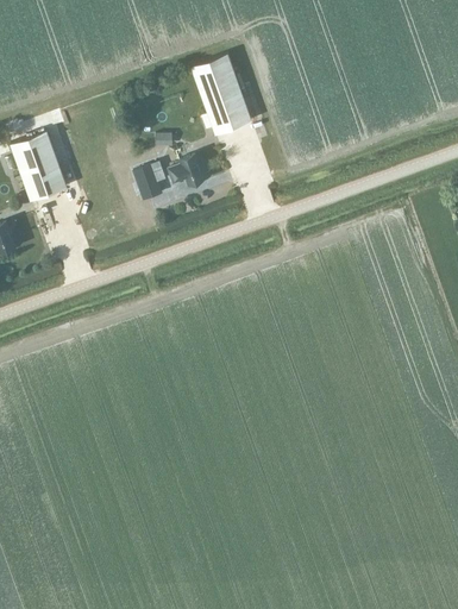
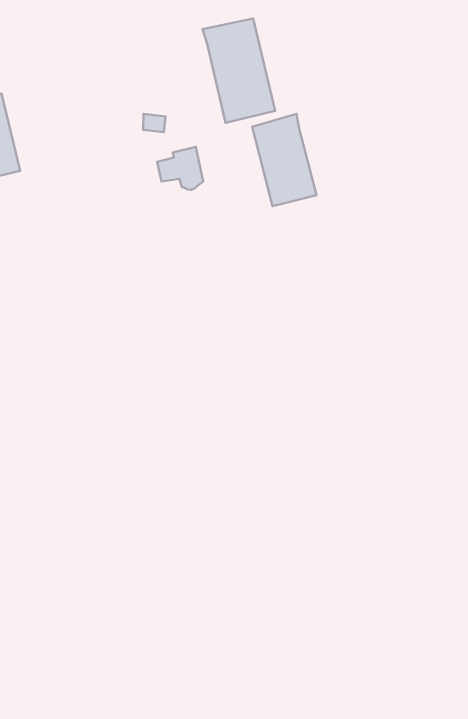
building: none -> [252,114,316,206]
building: [134,161,164,200] -> none

